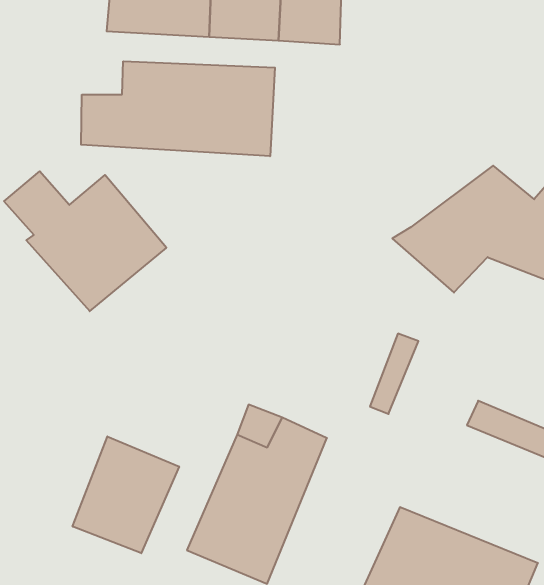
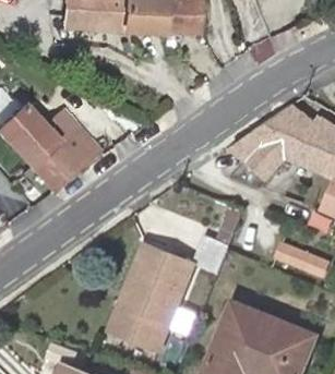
building: [81,61,275,156] -> none
building: [73,436,179,553] -> none

